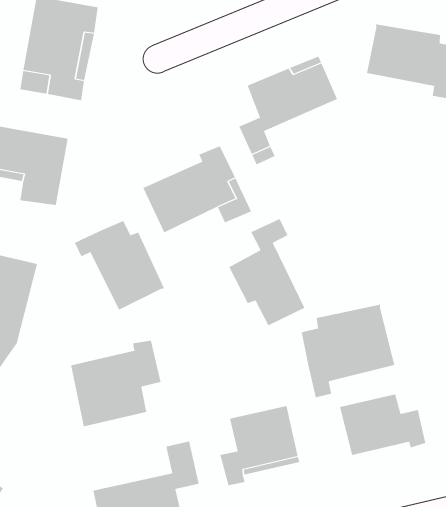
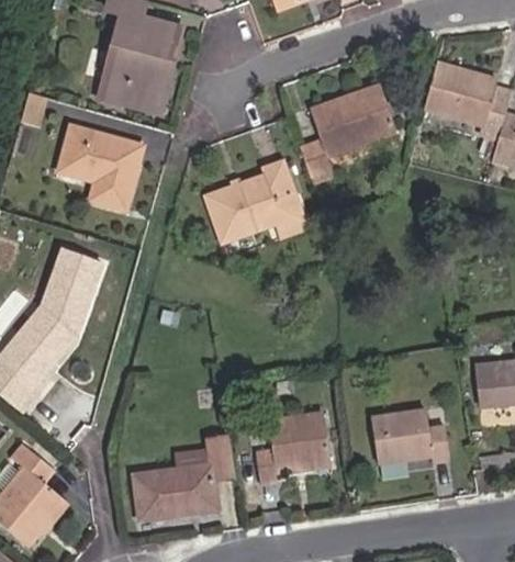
building: [229,218,305,326] -> none
building: [74,220,165,310] -> none
building: [301,304,395,398] -> none
building: [70,340,161,427] -> none

